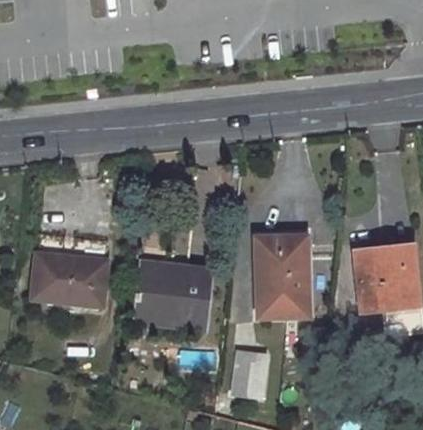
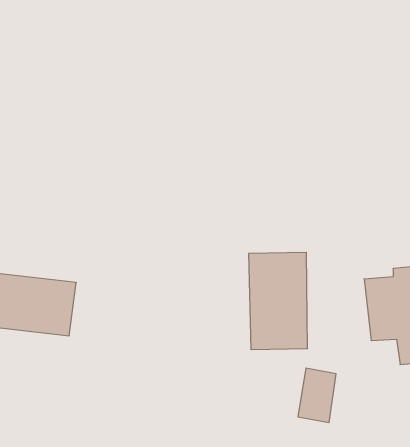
building: [135,267,210,326] -> none
building: [231,349,264,396] -> [298,368,336,423]

